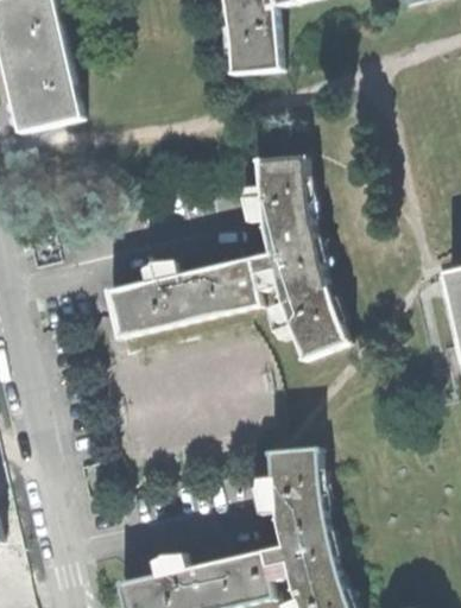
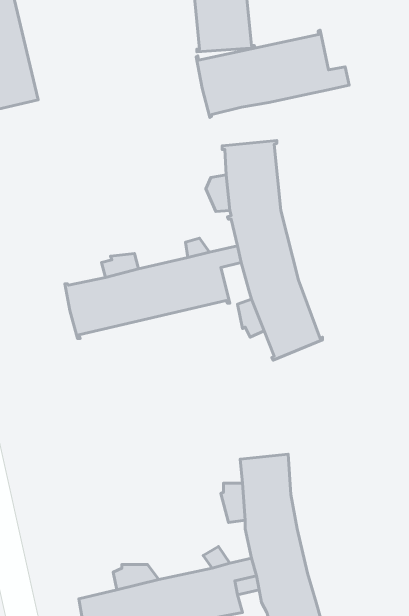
building: none -> [196,30,349,117]

